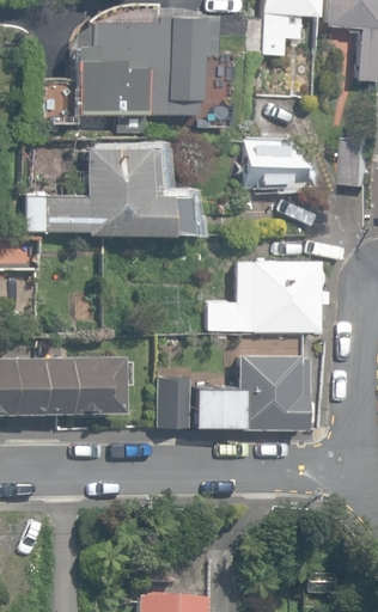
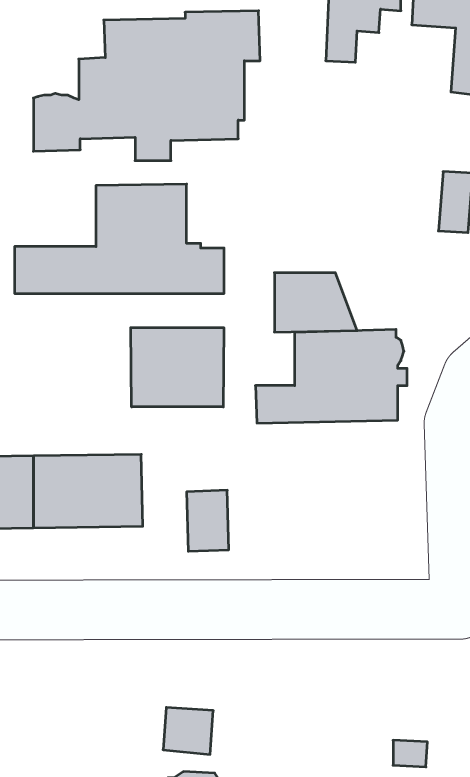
building: [248,141,311,186] -> [274,273,357,332]
building: none -> [131,328,224,407]
building: [196,355,311,430] -> none

